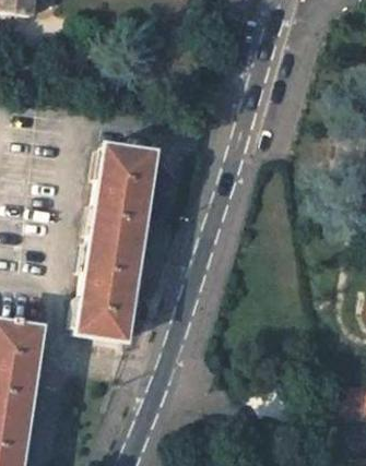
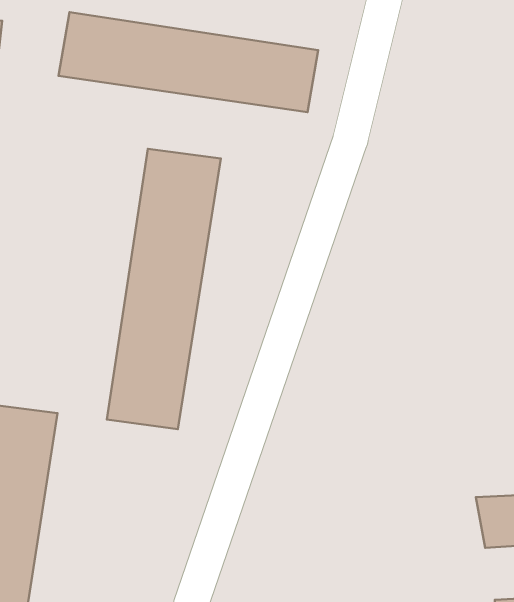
building: none -> [58,12,318,112]

